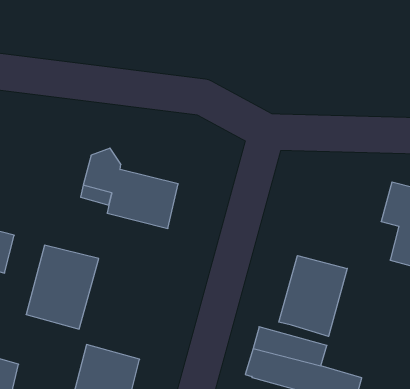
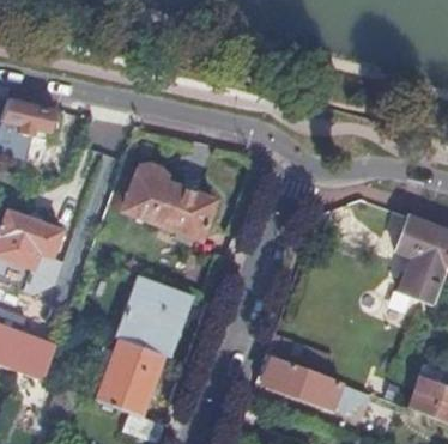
building: [26,245,99,329] -> [117,276,188,355]
building: [279,256,347,336] -> none

